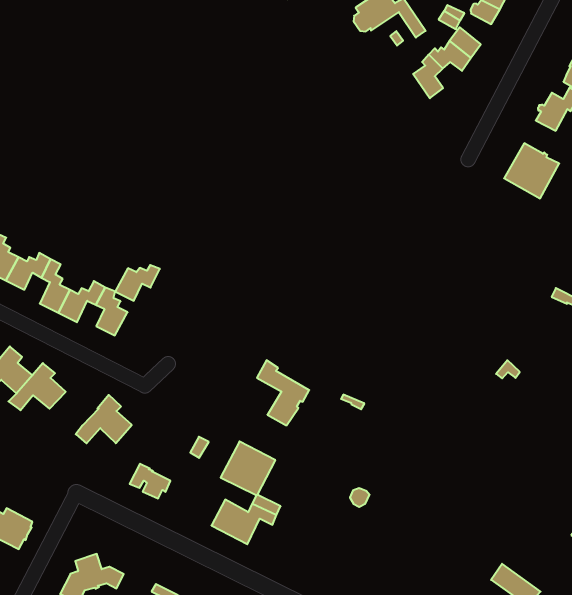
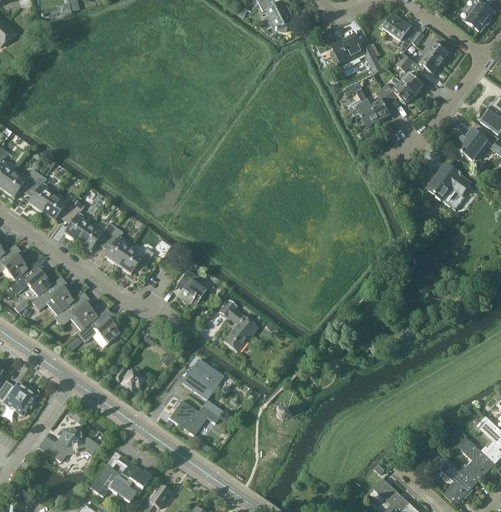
building: none -> [348,81,379,126]
building: [115,265,160,301] -> [117,248,153,273]
building: none -> [175,268,205,303]
building: none -> [54,292,97,328]

